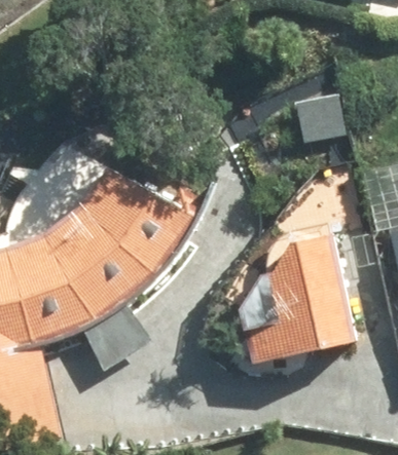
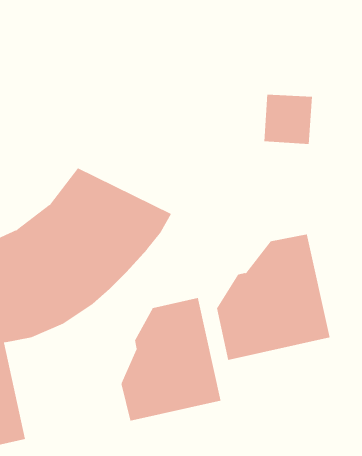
building: none -> [121,297,221,421]

